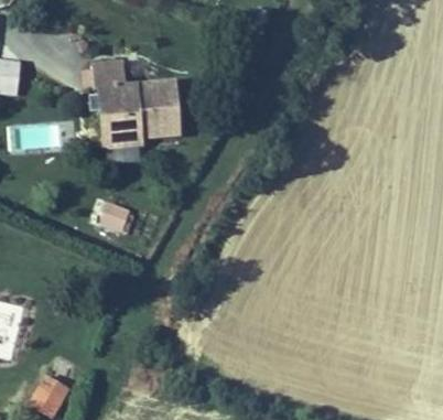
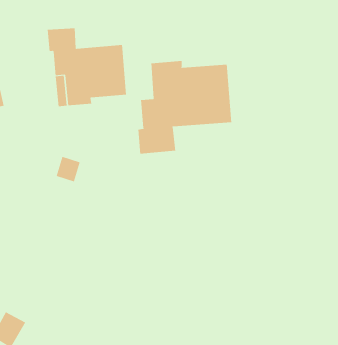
building: none -> [138,60,232,154]

